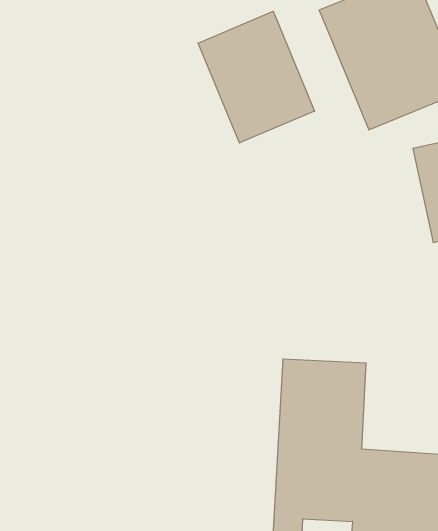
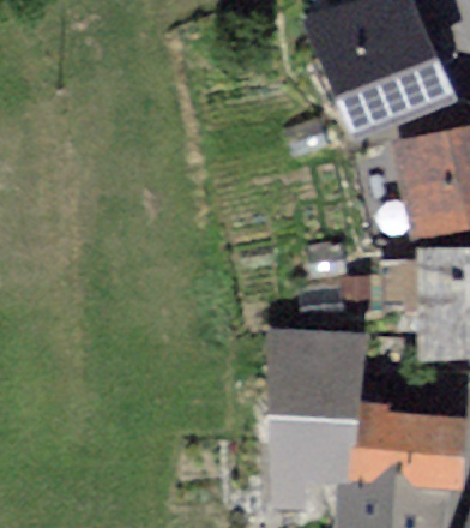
building: [198,11,315,143] -> none

